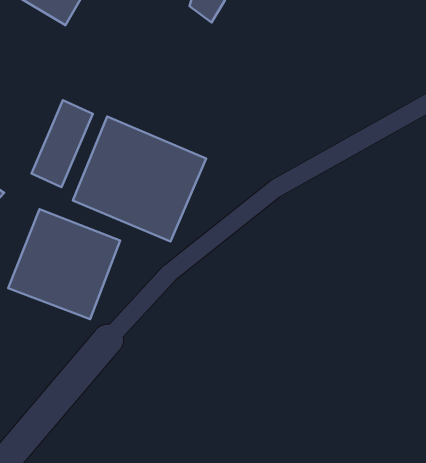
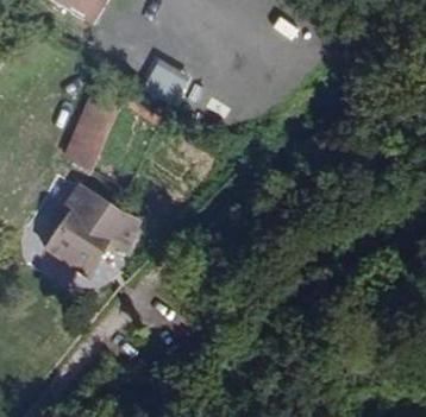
building: [73,117,206,242] -> none

